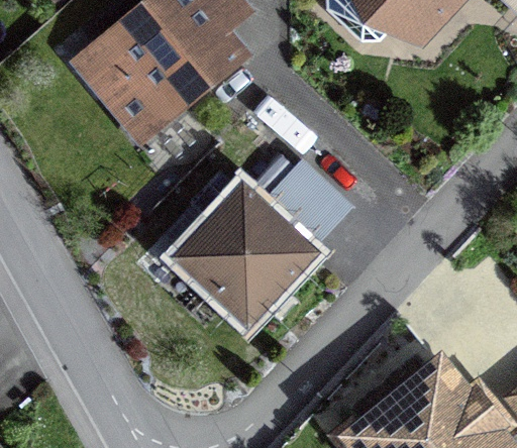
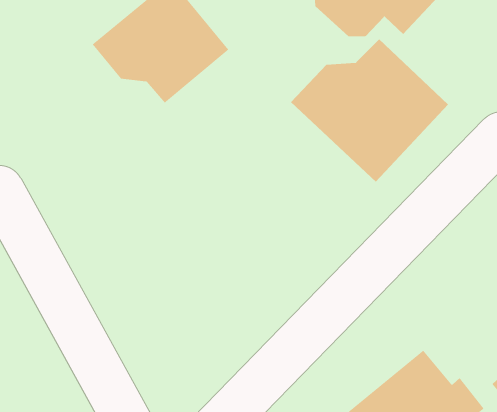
building: none -> [290,38,449,183]
building: [182,176,334,323] -> none

